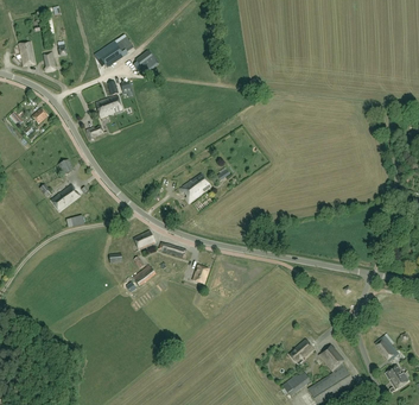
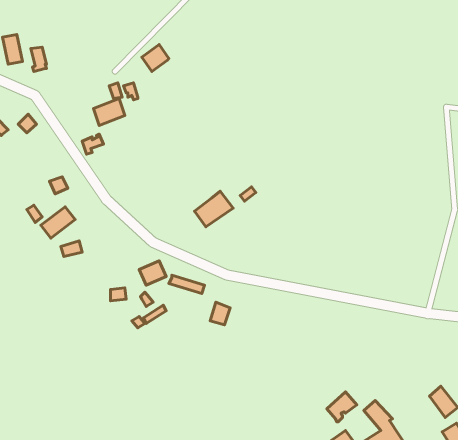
building: [95,33,133,68] -> none

